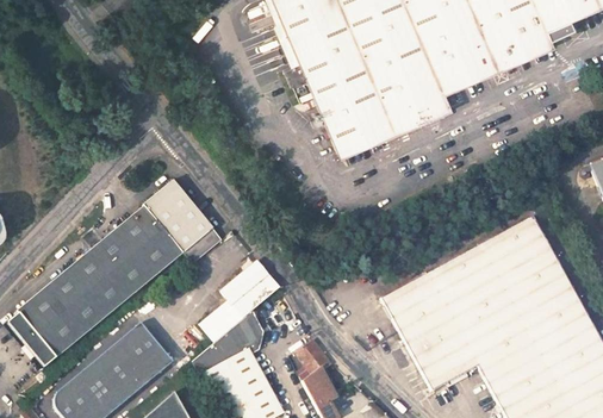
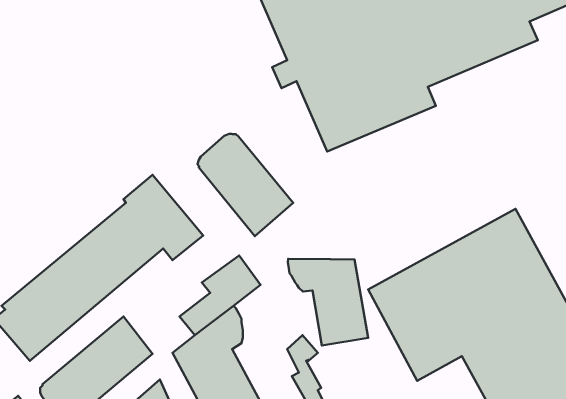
building: none -> [197,134,293,236]
building: none -> [288,259,368,346]

